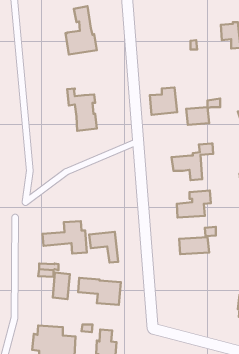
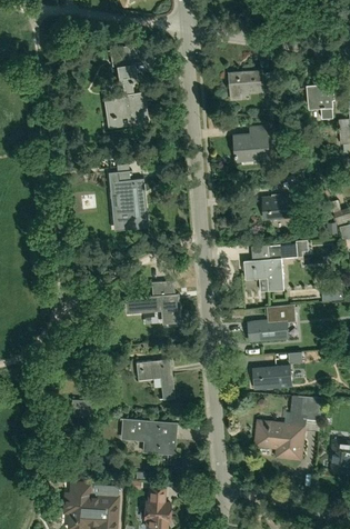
building: none -> [229,70,263,93]
building: [150,88,177,115] -> [234,126,270,161]
building: [43,221,87,253] -> [122,281,180,323]
building: none -> [256,396,321,458]
building: [53,273,70,299] -> none

